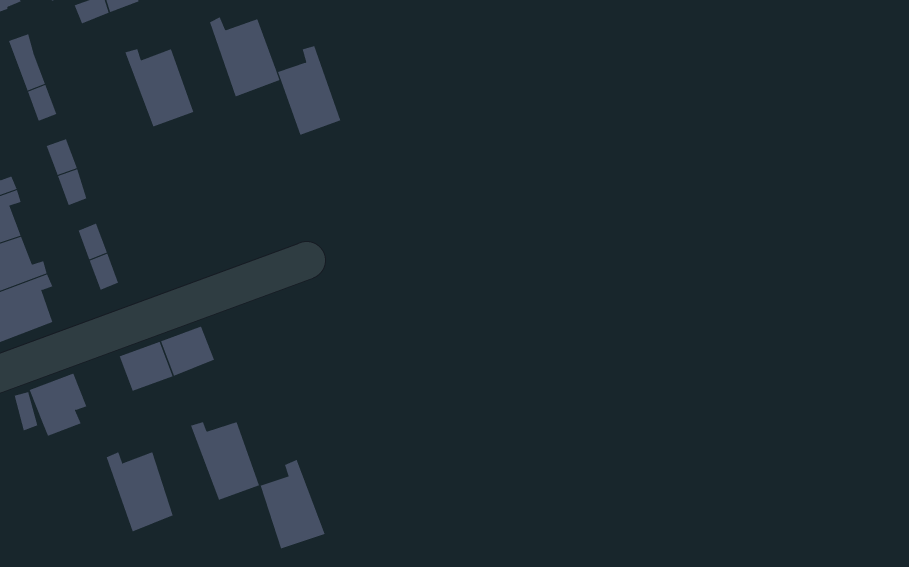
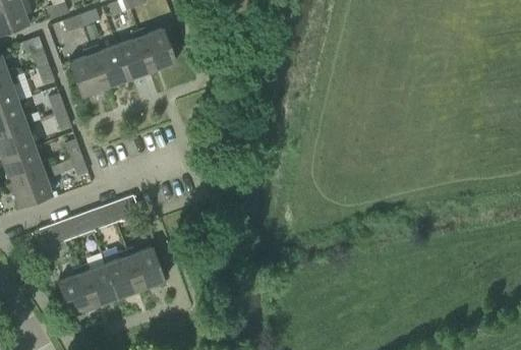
building: [277,45,341,135] -> [116,31,151,79]
building: none -> [69,47,106,97]
building: none -> [63,212,95,239]
building: none -> [58,267,95,315]
building: [260,459,325,549] -> [106,249,141,298]

